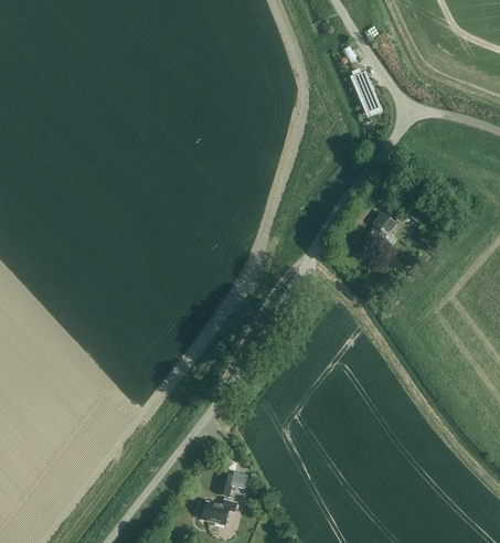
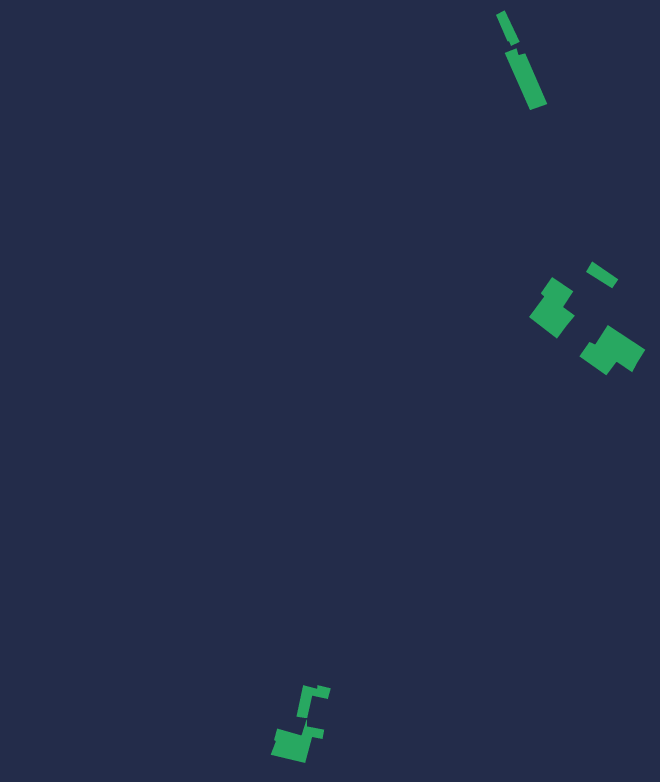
building: none -> [578,324,647,377]

